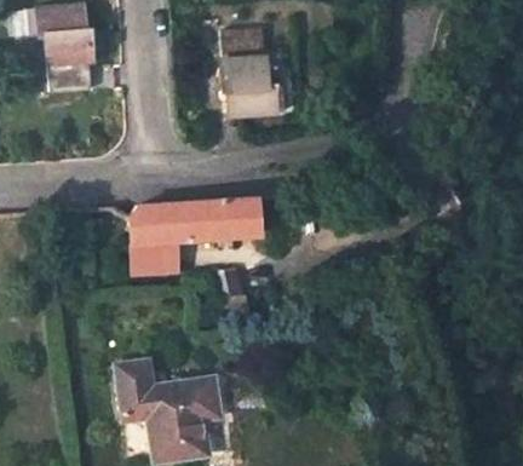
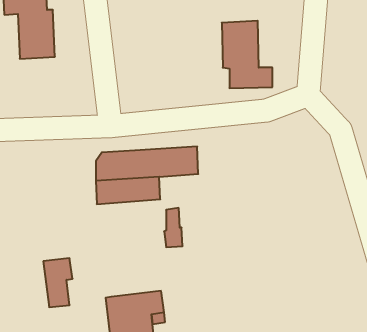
building: [214,31,277,115] -> [222,21,272,88]
building: [122,358,159,419] -> [43,258,73,307]

